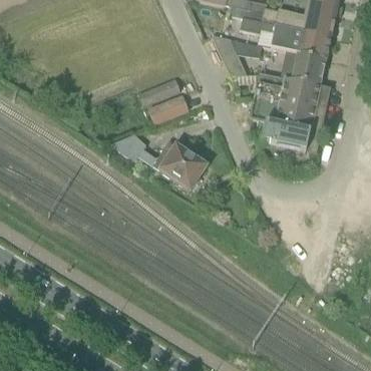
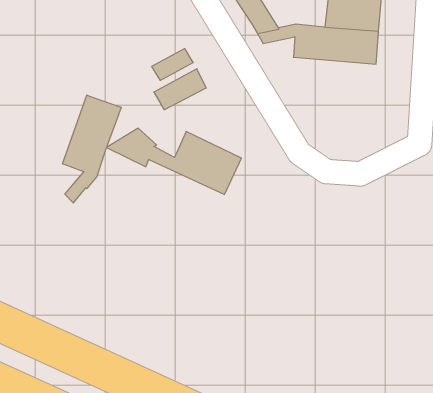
building: [251,96,316,151] -> none
building: none -> [63,95,121,203]

